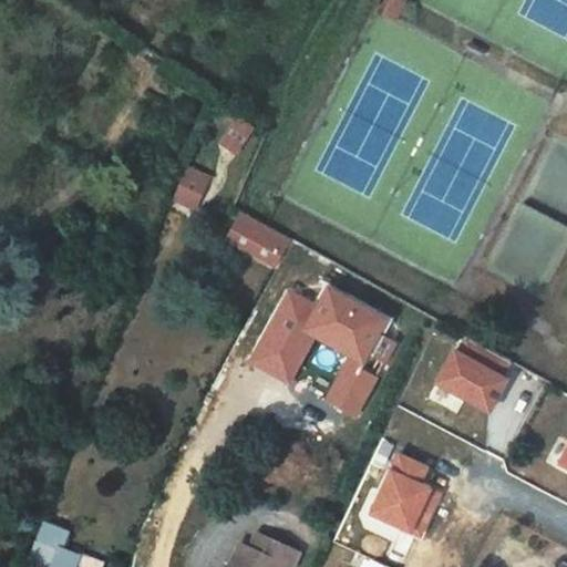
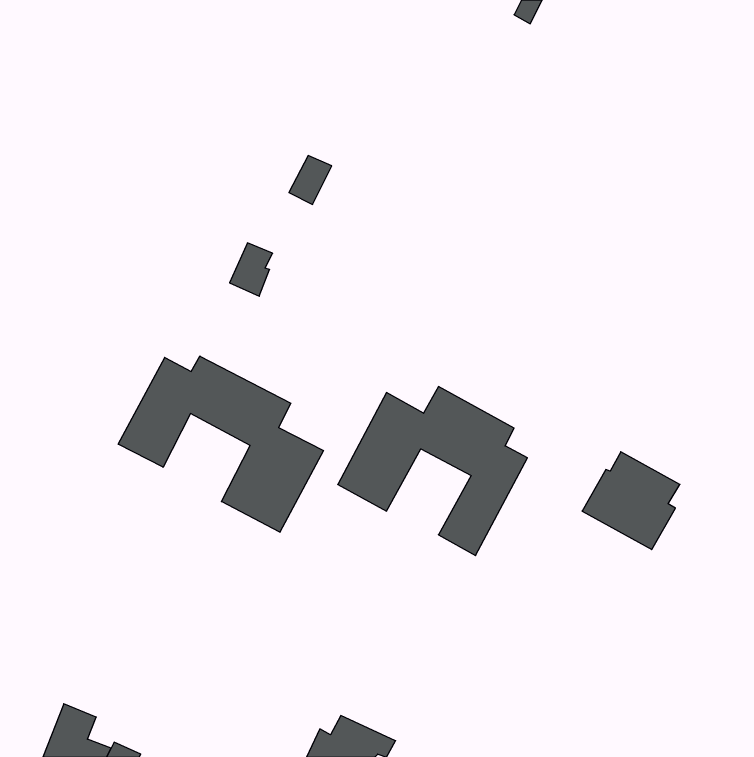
building: [226,212,285,259] -> none
building: none -> [118,356,323,532]
building: [369,453,436,534] -> none

